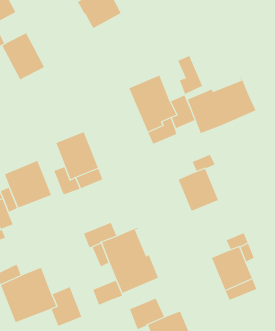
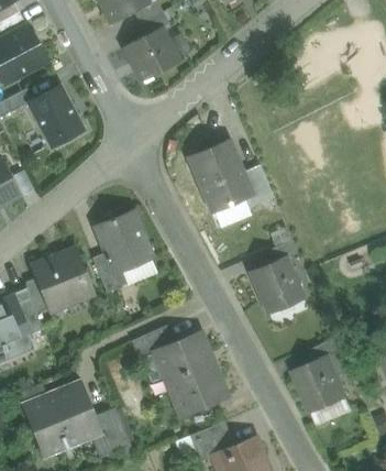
building: [177,55,203,95] -> none
building: [187,77,257,134] -> none
building: [93,280,123,306] -> none

